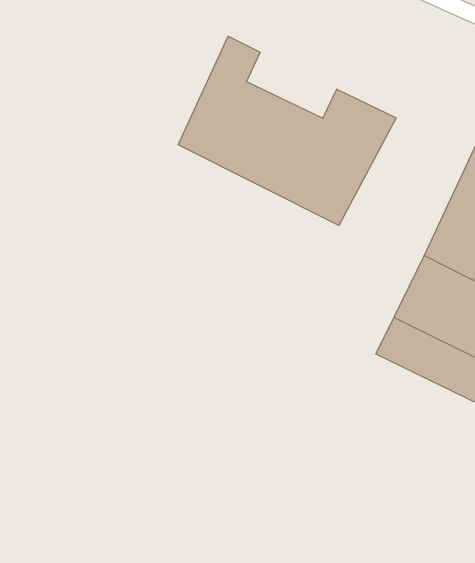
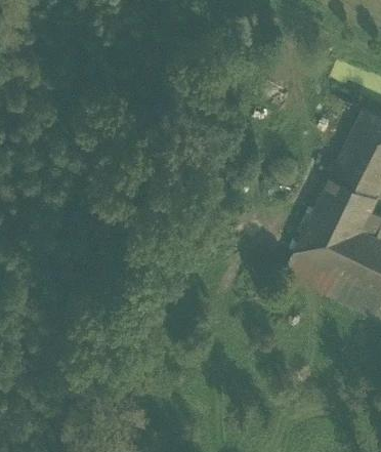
building: [178,36,396,226] -> none

